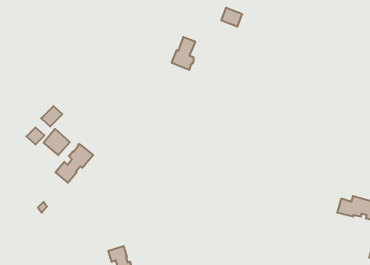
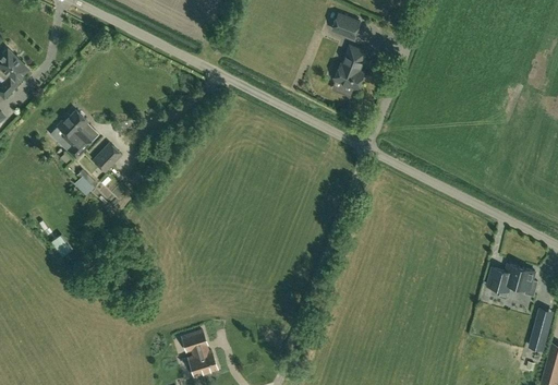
building: [172,37,195,70] -> [335,46,366,89]
building: none -> [58,110,92,158]
building: [56,144,93,183] -> none

